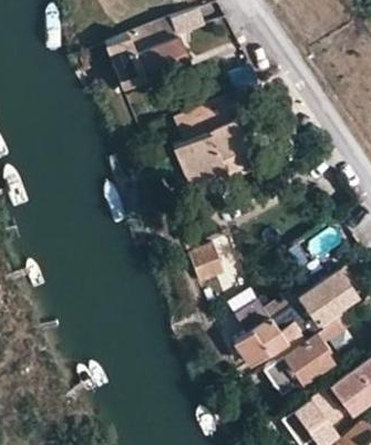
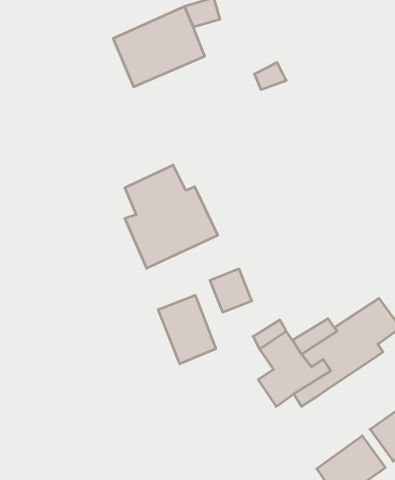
building: [174,100,255,189] -> [125,165,218,268]
building: none -> [158,295,216,364]
building: [267,320,342,396] -> none

